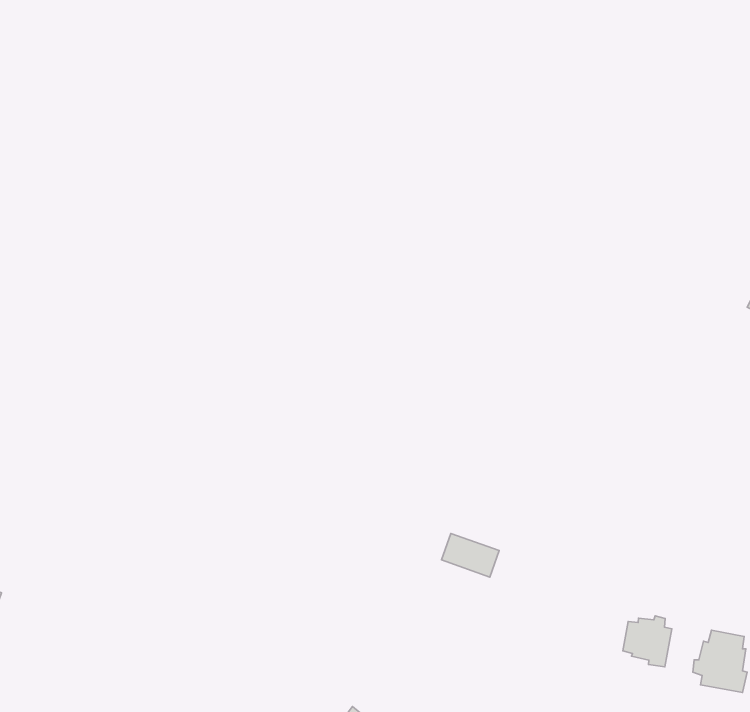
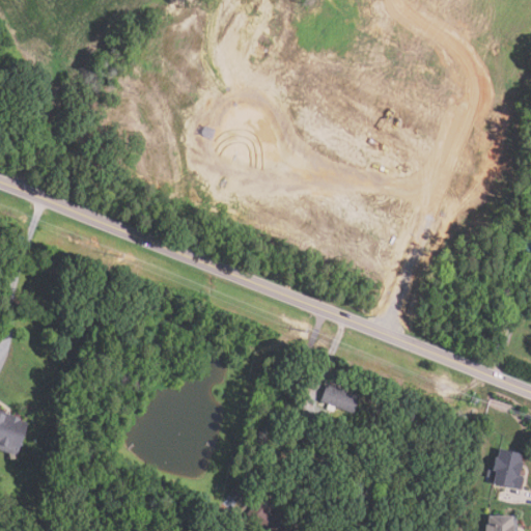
building: [623,616,672,667] -> none

